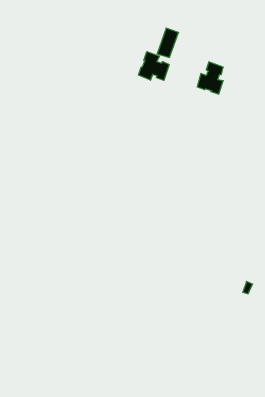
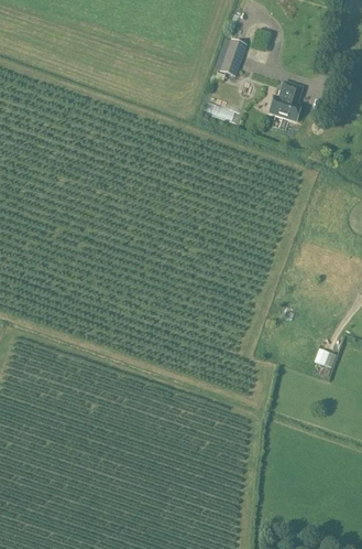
building: [139,52,169,80] -> none

